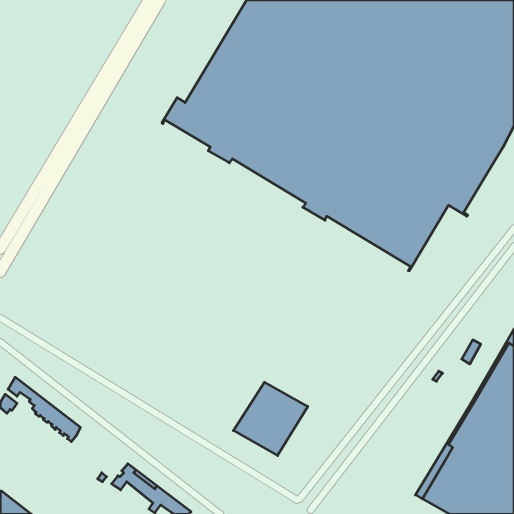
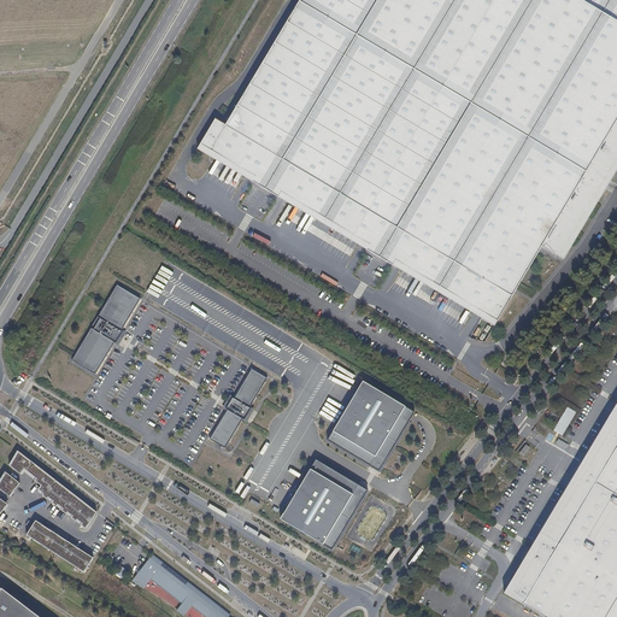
building: none -> [72,283,142,375]
building: none -> [208,369,270,449]
building: none -> [328,378,413,466]
building: none -> [27,521,93,572]

